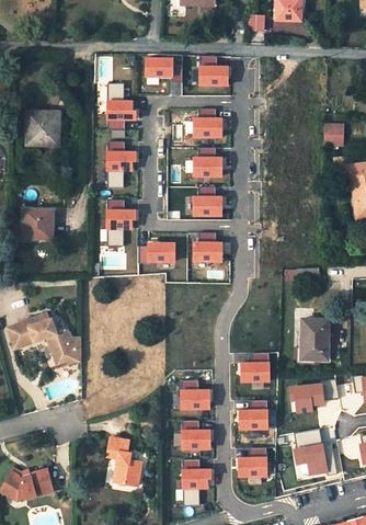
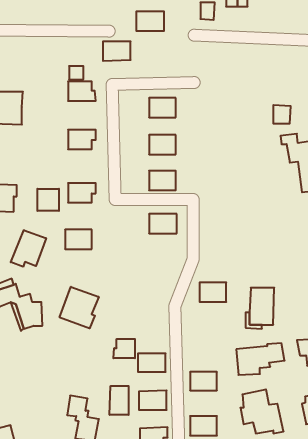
building: [199,65,229,85] -> [136,11,164,31]
building: none -> [37,189,59,211]
building: [147,241,175,262] -> [65,230,92,249]
building: none -> [11,230,46,267]
building: none -> [60,287,99,328]
building: [239,362,267,383] -> [200,282,226,302]
building: none -> [113,339,135,358]
building: none -> [110,386,129,415]

